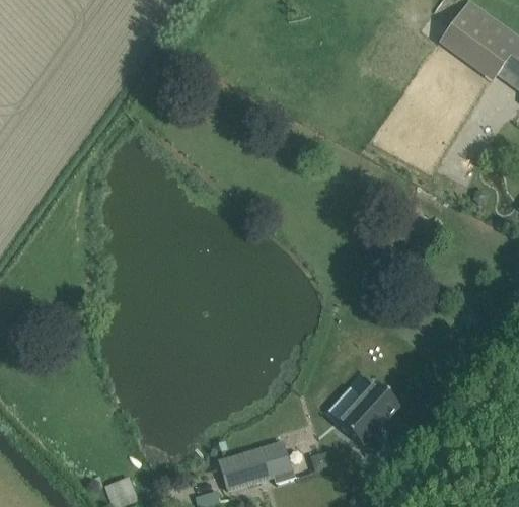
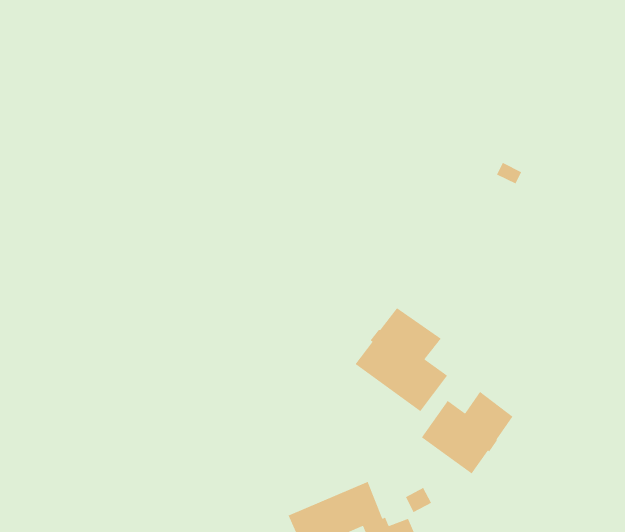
building: none -> [354,307,448,412]

